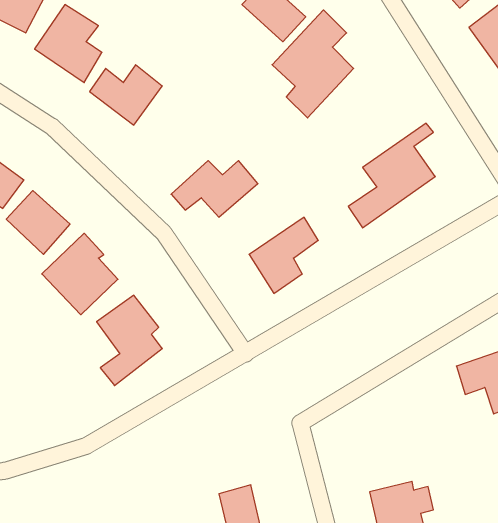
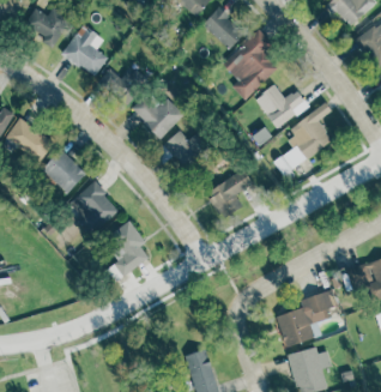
building: none -> [254,84,308,128]
building: none -> [131,96,183,138]
building: none -> [276,290,337,346]

